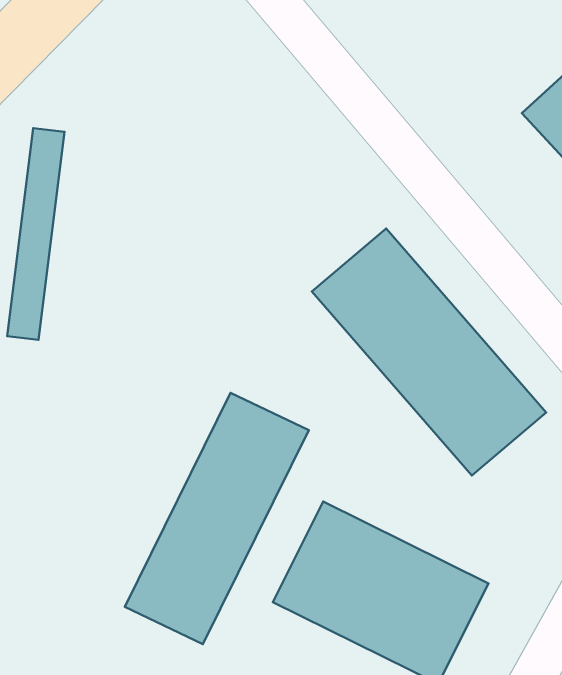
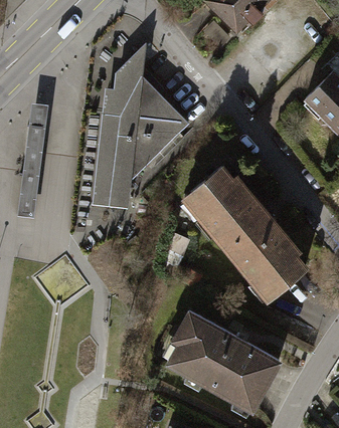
building: none -> [93,49,189,211]
building: [125,393,309,644] -> none

